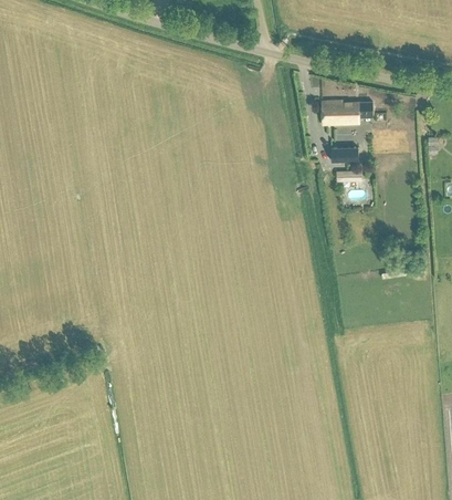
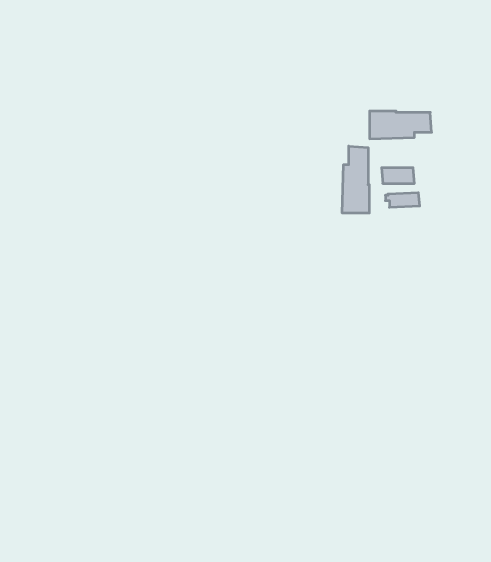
building: none -> [342,146,369,213]

